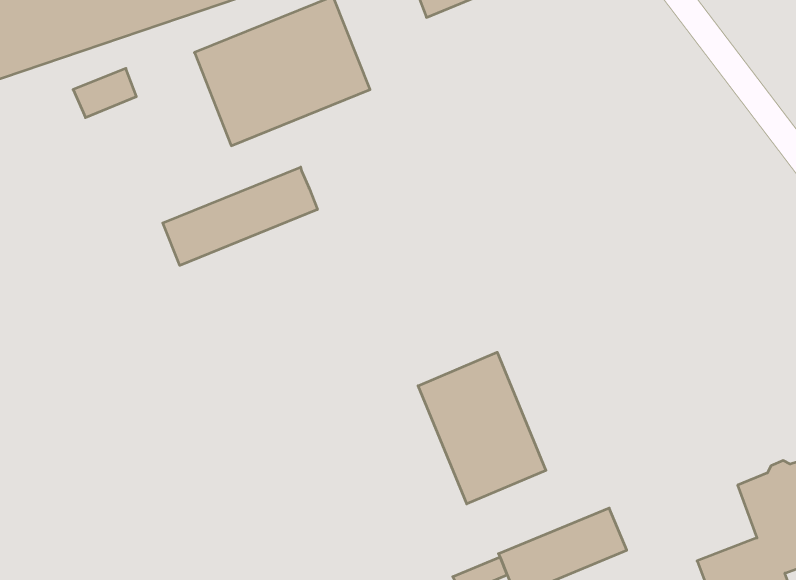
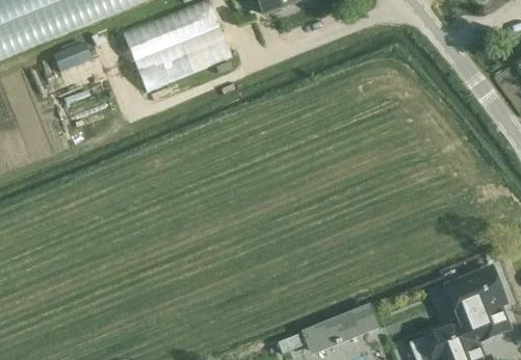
building: [163,167,317,265] -> none
building: [418,352,546,504] -> none

